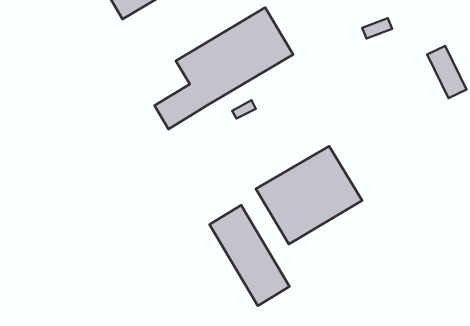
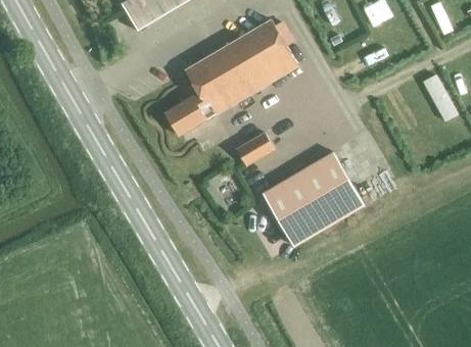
building: none -> [236,134,274,166]
building: [209,205,289,306] -> none

